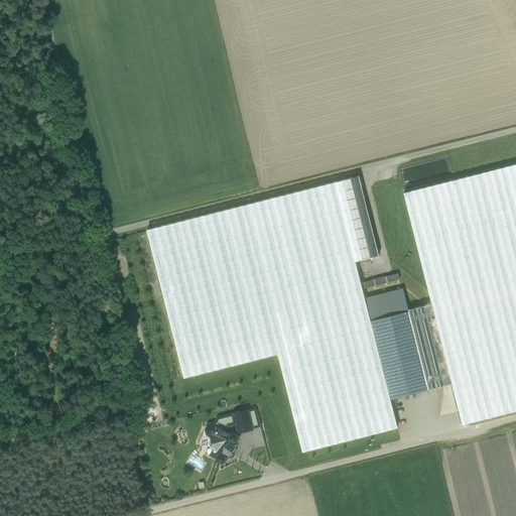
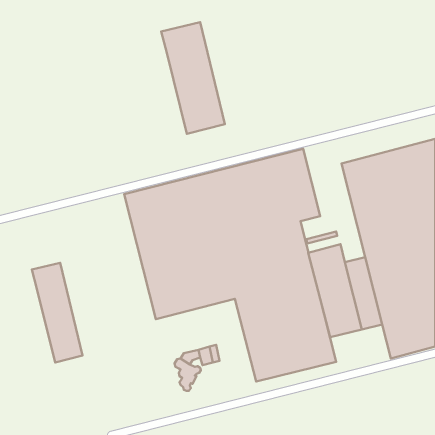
building: none -> [161,22,225,134]
building: none -> [32,263,83,363]

